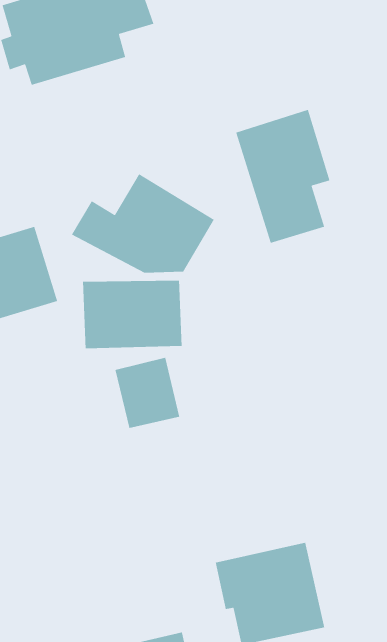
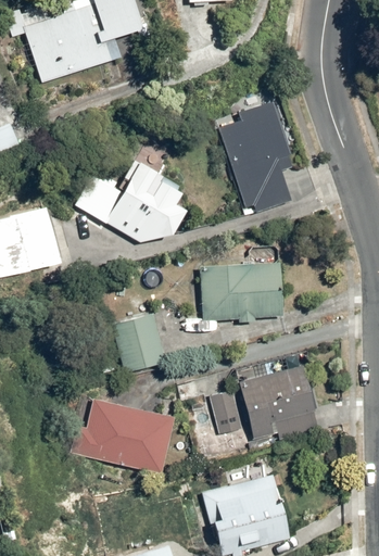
building: [82,280,182,349] -> [199,263,283,321]
building: none -> [209,367,317,442]
building: none -> [79,397,175,473]

